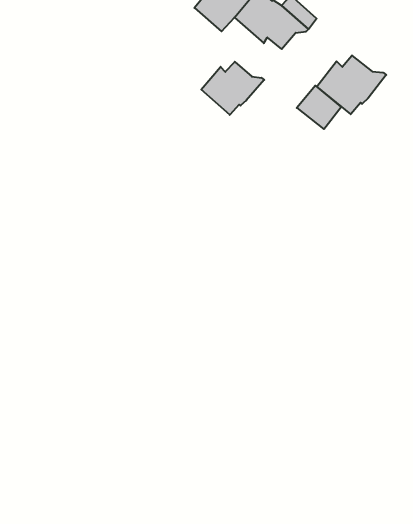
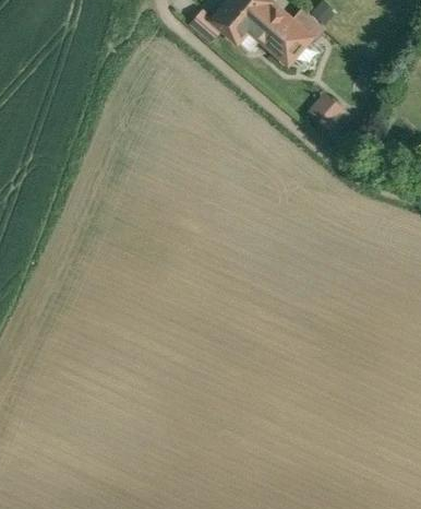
building: [317,55,386,114] -> none
building: [201,62,264,115] -> none

